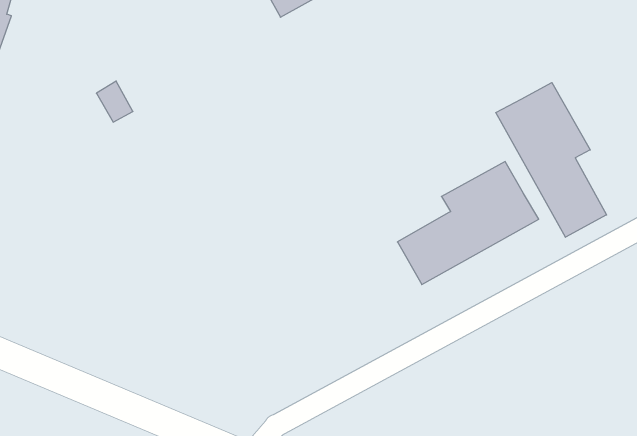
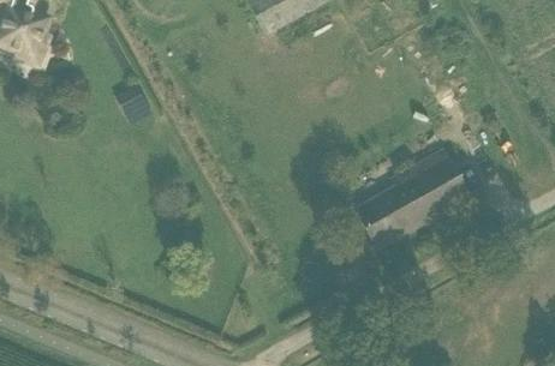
building: [496,83,607,237] -> none

